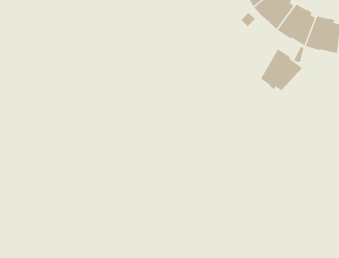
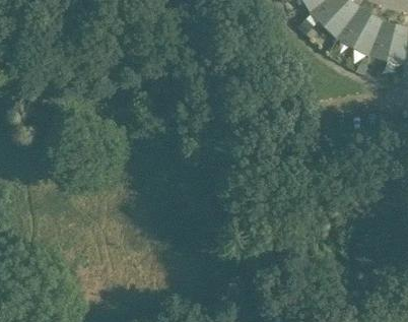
building: [259,49,304,95] -> none

